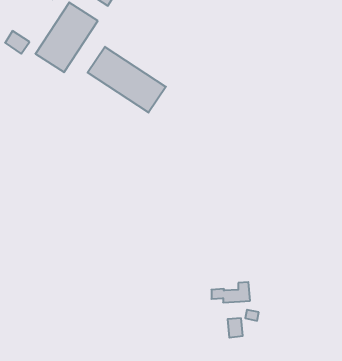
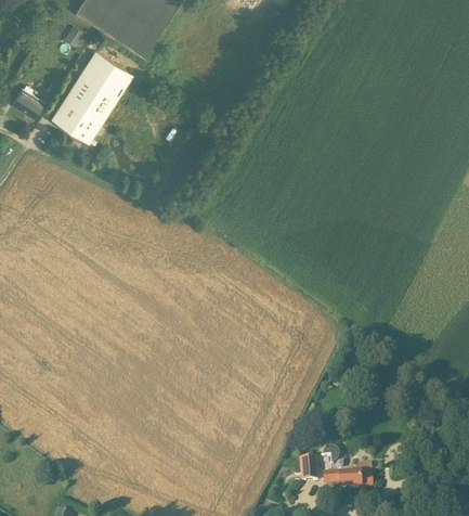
building: [88,47,166,113] -> none
building: [211,282,250,302] -> [324,463,374,489]

